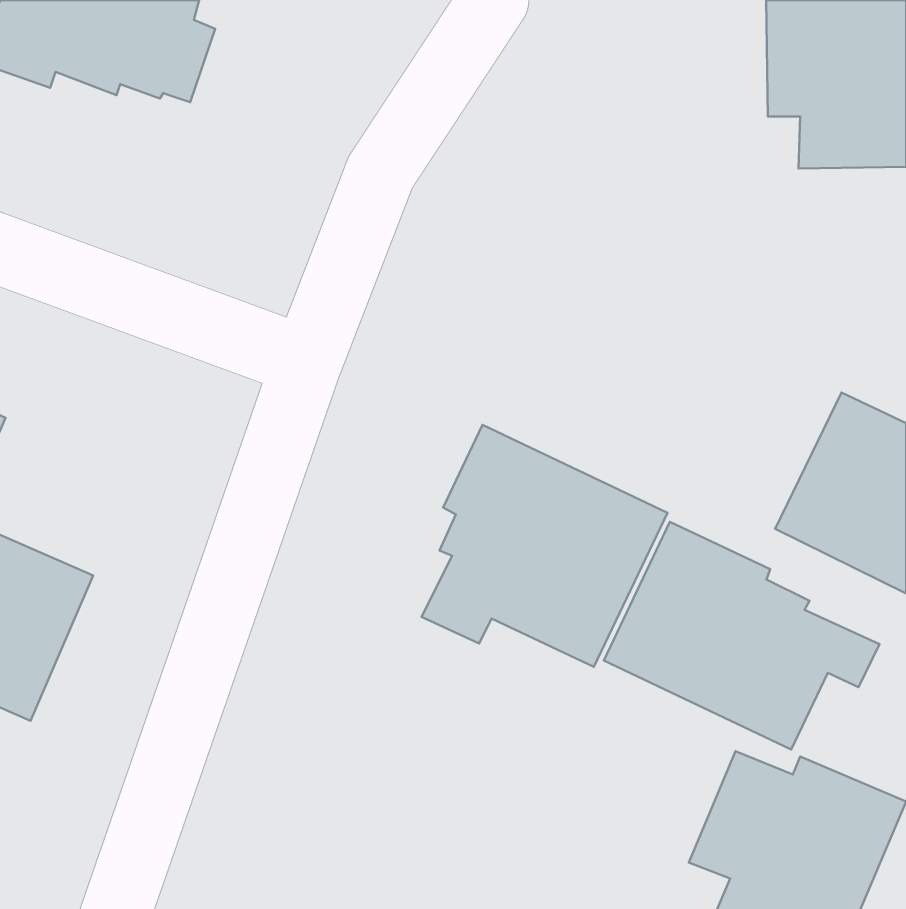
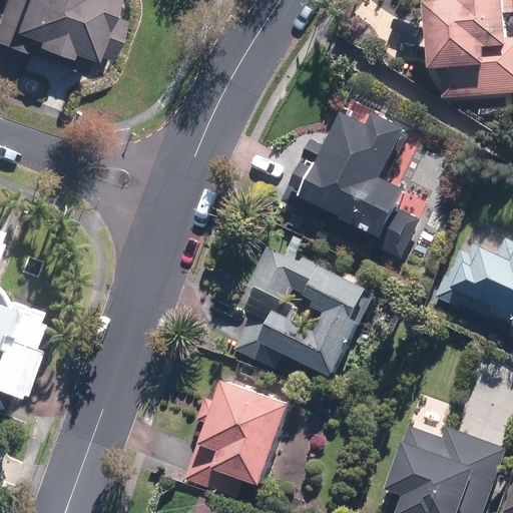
building: none -> [290,107,418,258]
building: [604,522,880,749] -> none
building: none -> [183,380,294,491]

